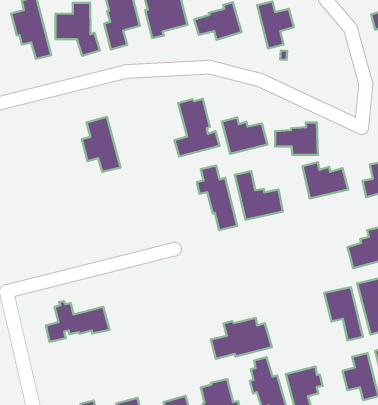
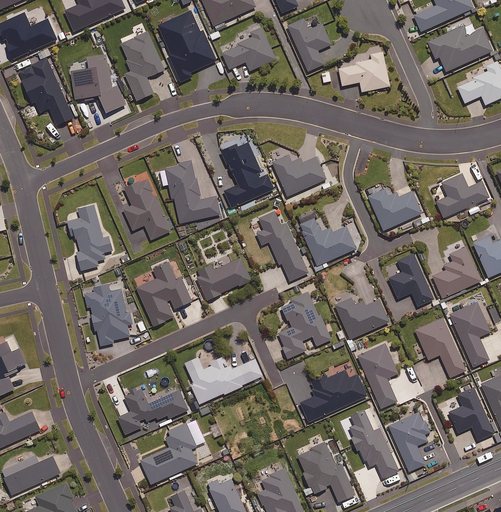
building: none -> [159,159,220,223]
building: [275,122,318,155] -> [340,53,391,93]
building: none -> [67,203,112,269]
building: none -> [136,260,191,325]
building: none -> [196,256,252,300]
building: none -> [84,284,132,345]
building: none -> [389,252,433,305]
building: none -> [277,291,331,357]
building: none -> [335,296,389,338]
building: none -> [188,355,255,403]
building: none -> [357,343,398,408]
building: none -> [140,422,197,483]

